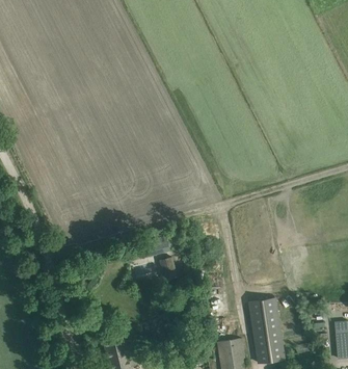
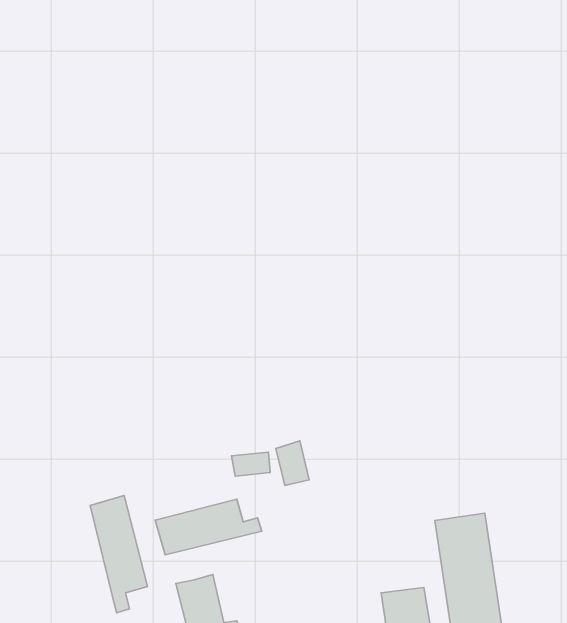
building: none -> [90,496,148,613]
building: none -> [155,499,262,555]

